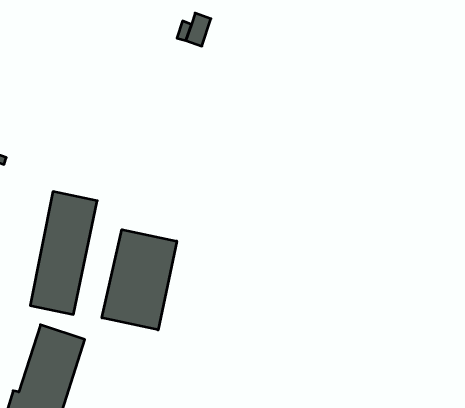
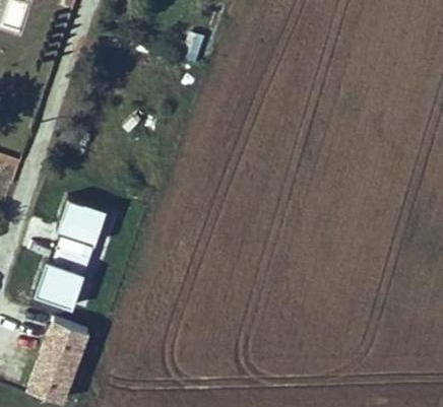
building: [102,230,177,330] -> none

